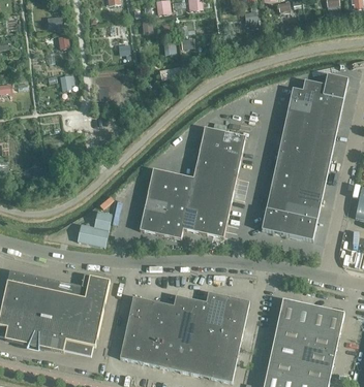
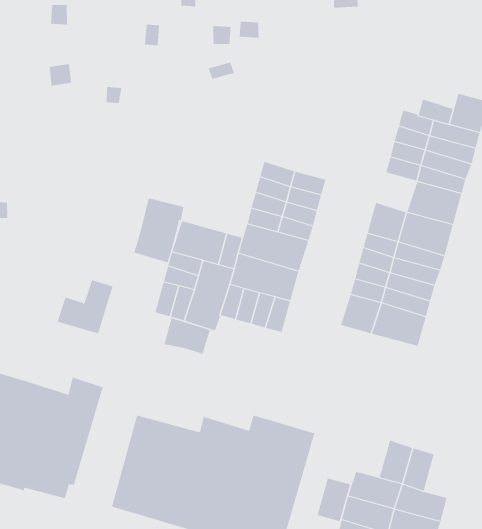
building: [278,129,304,154] -> none
building: none -> [133,198,184,263]
building: none -> [164,317,211,354]
building: [277,299,298,327] -> [317,478,351,522]
building: [323,310,343,337] -> none

